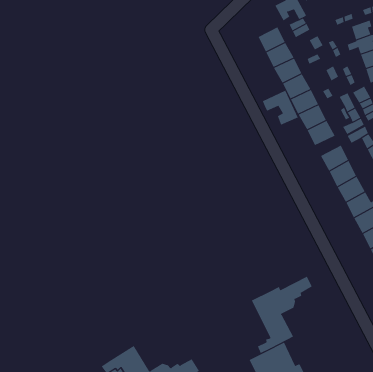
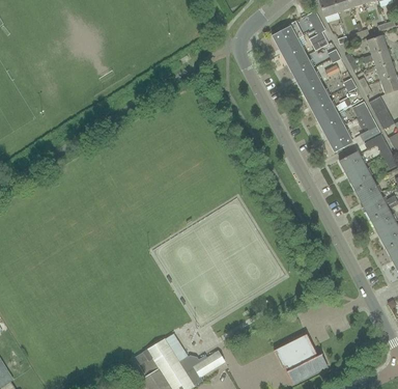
building: none -> [272,21,304,50]
building: [262,90,299,125] -> none
building: [251,276,313,354] -> none

